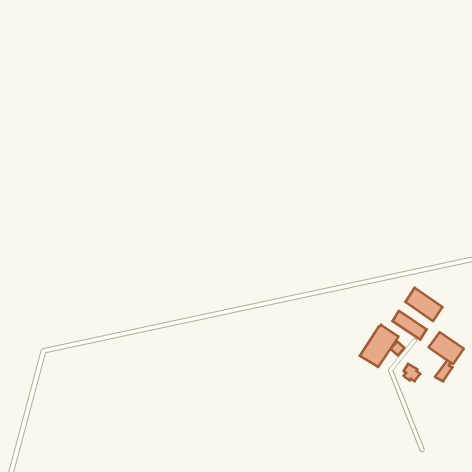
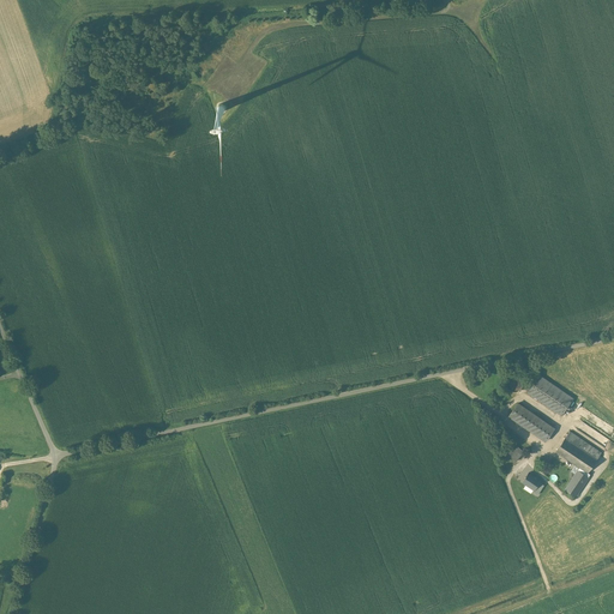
building: [360,325,398,367] -> none

